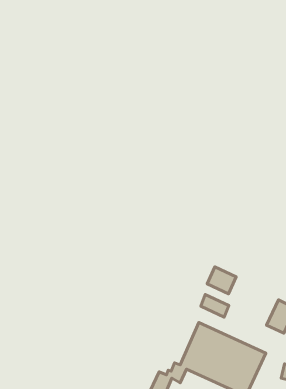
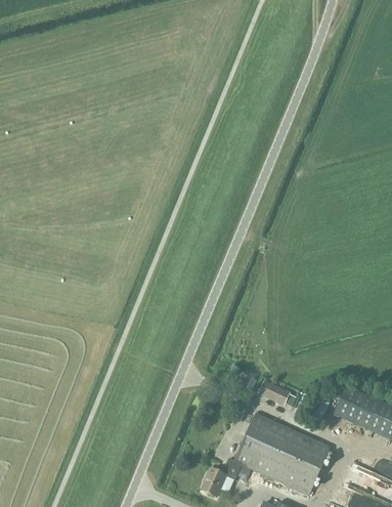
building: [207,267,236,294] -> none

